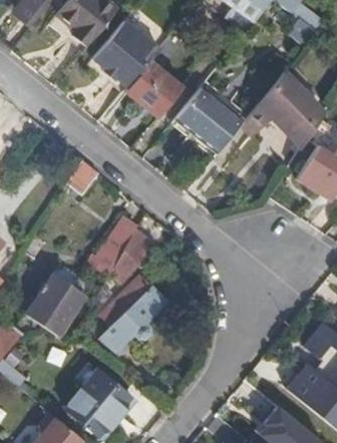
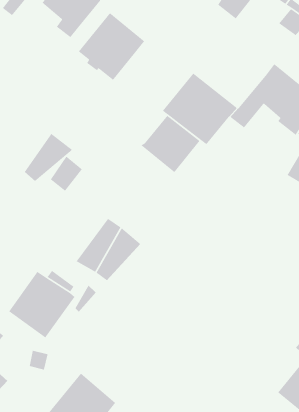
building: [123,61,182,117] -> [140,115,200,173]
building: none -> [24,133,73,182]
building: [98,276,164,351] -> none

